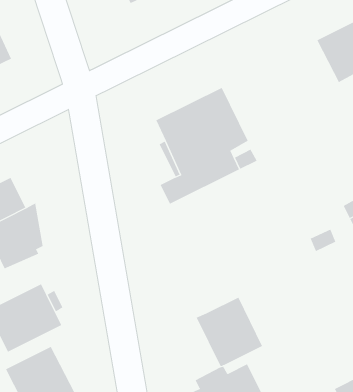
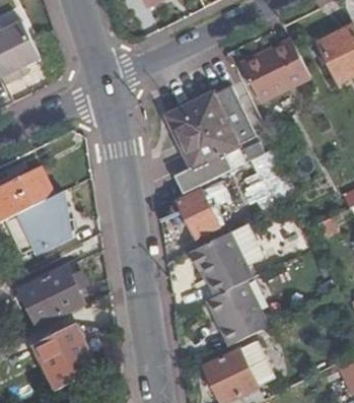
building: none -> [236,32,308,98]
building: none -> [178,188,219,236]
building: none -> [189,230,251,293]

